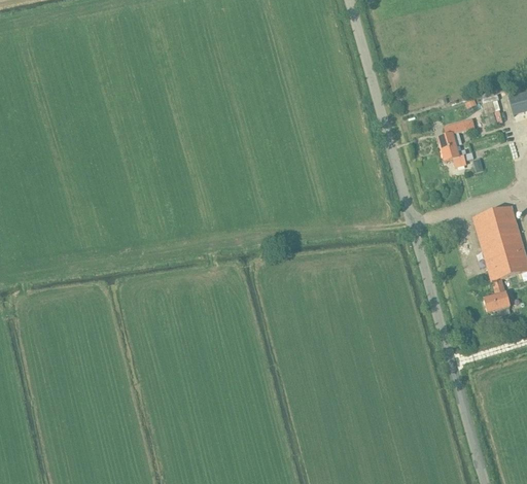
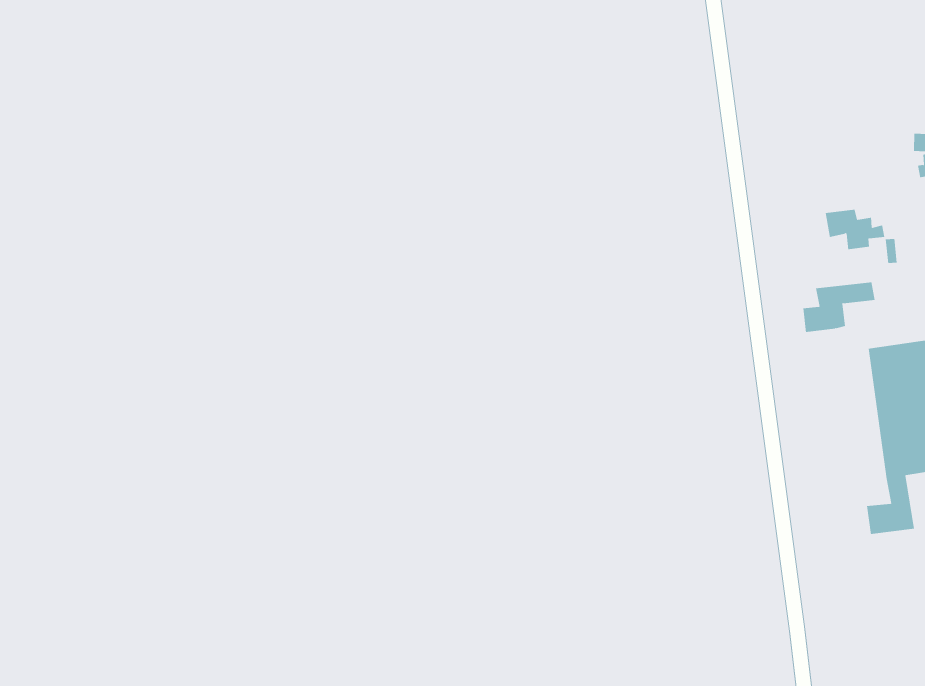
building: [437,117,475,148] -> [803,282,875,333]

